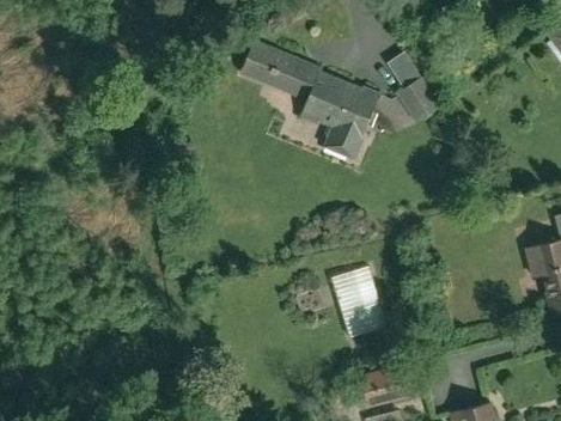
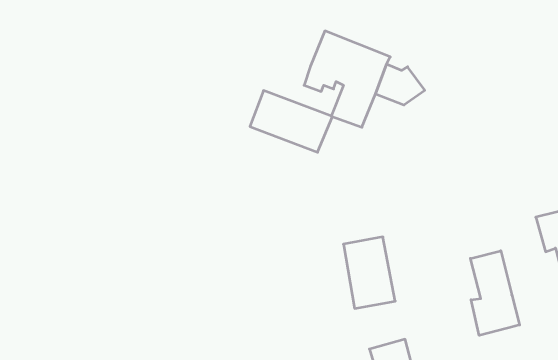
building: [238,41,318,100] -> [250,91,332,152]
building: [384,51,440,123] -> none
building: none -> [470,251,520,335]

